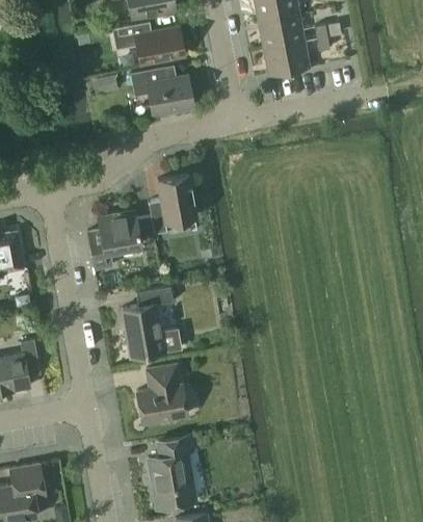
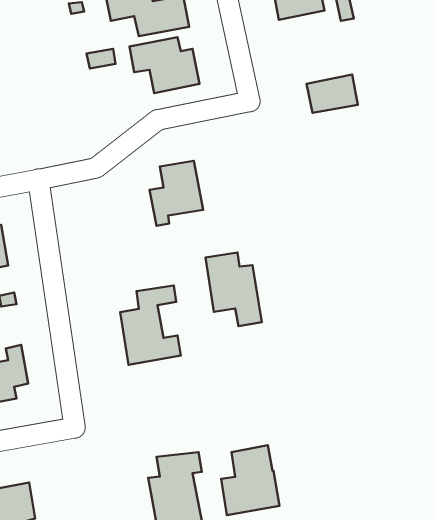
building: [264,41,310,75] -> [307,74,358,113]
building: [87,210,141,269] -> none
building: none -> [206,252,262,326]
building: [136,361,188,423] -> [221,445,279,515]

